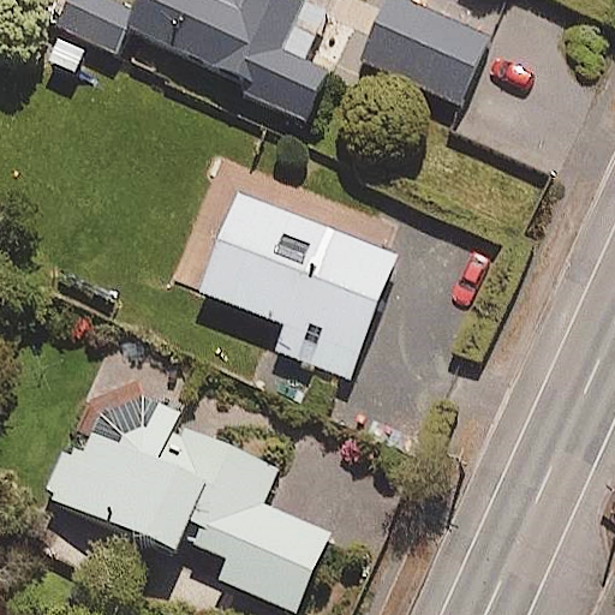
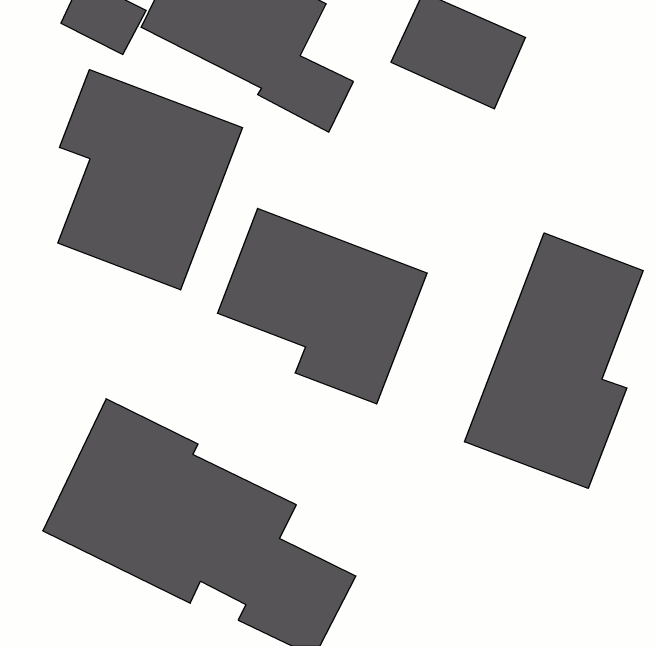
building: none -> [58,70,243,290]
building: none -> [465,233,643,488]

